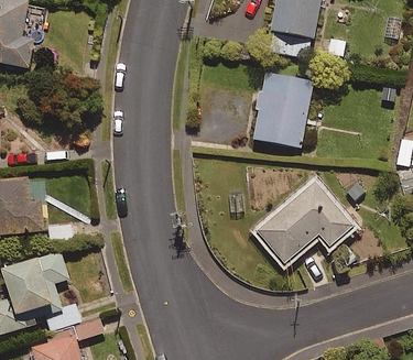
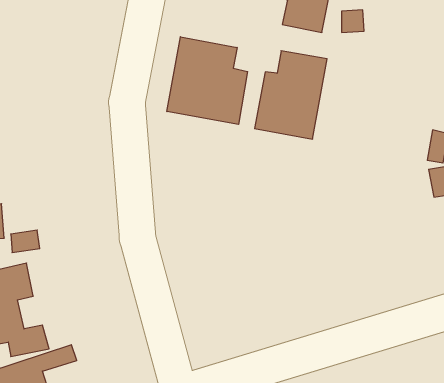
building: none -> [167,37,248,124]
building: [257,182,352,262] -> none

